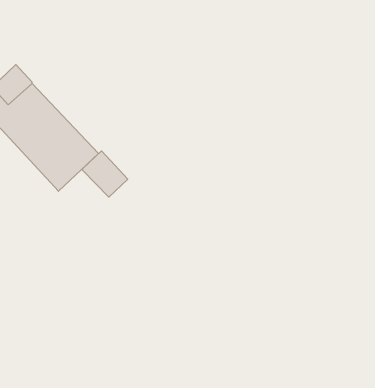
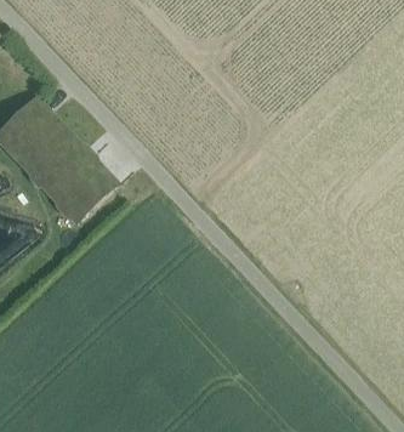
building: [83,151,128,197] -> none

